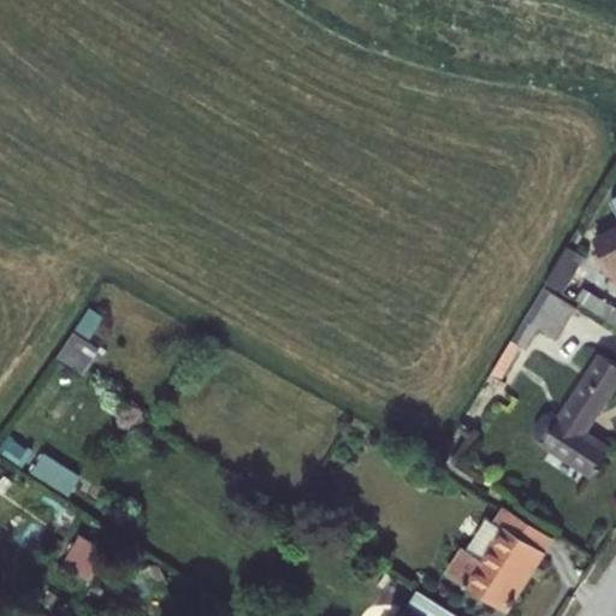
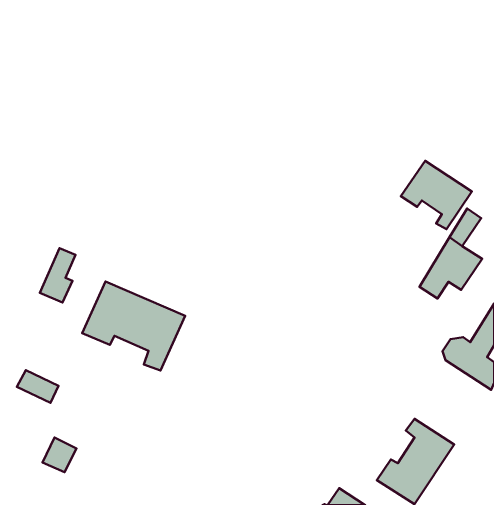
building: none -> [401,161,472,229]
building: none -> [82,282,185,371]

